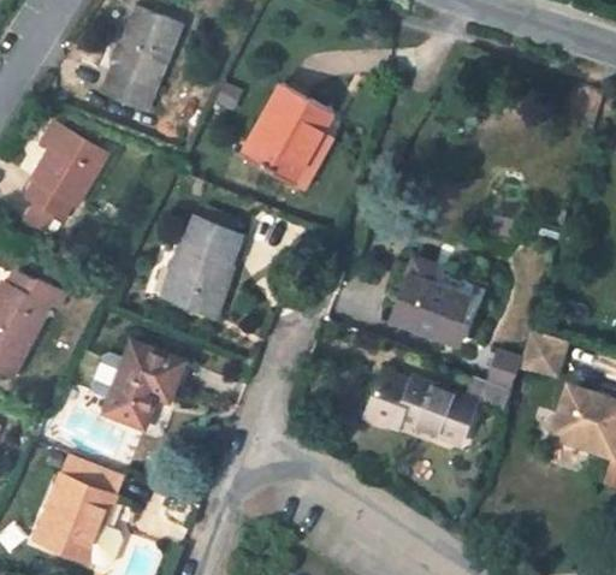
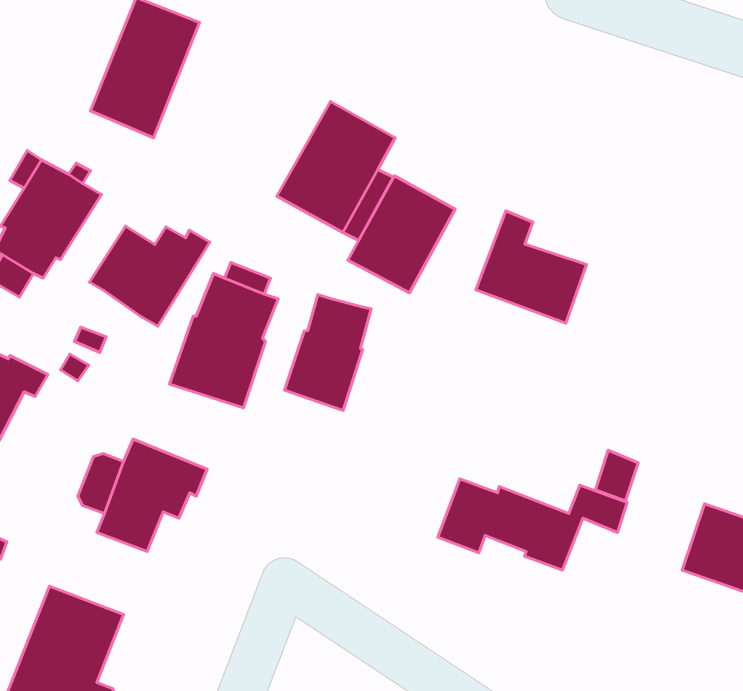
building: none -> [348,176,455,293]
building: none -> [90,226,210,326]
building: none -> [285,294,371,411]
building: [391,259,475,344] -> [476,211,586,323]
building: [521,334,565,377] -> none

